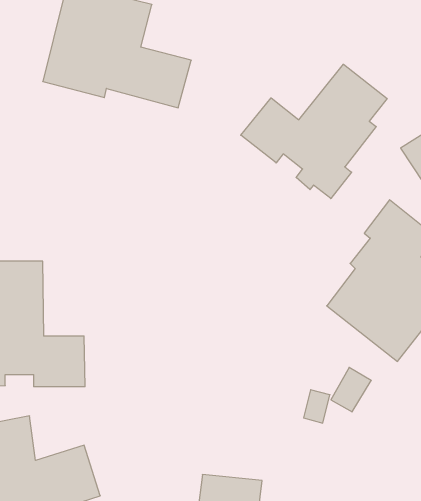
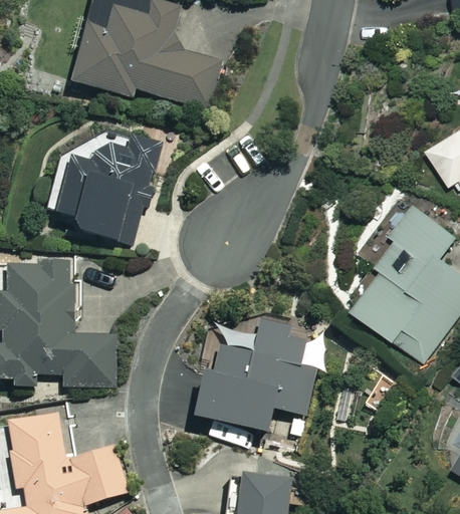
building: [241,64,387,199] -> none
building: none -> [46,136,164,246]
building: none -> [195,318,319,432]

